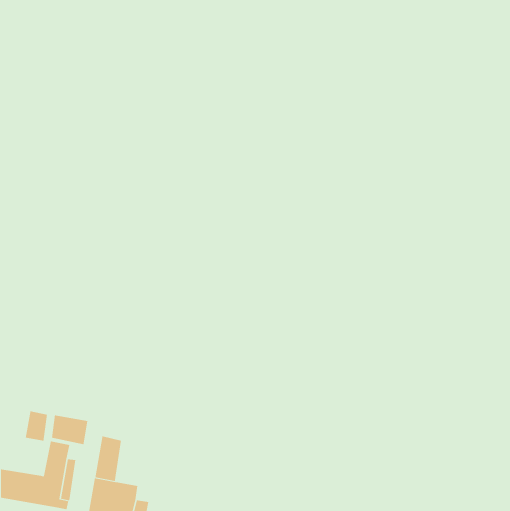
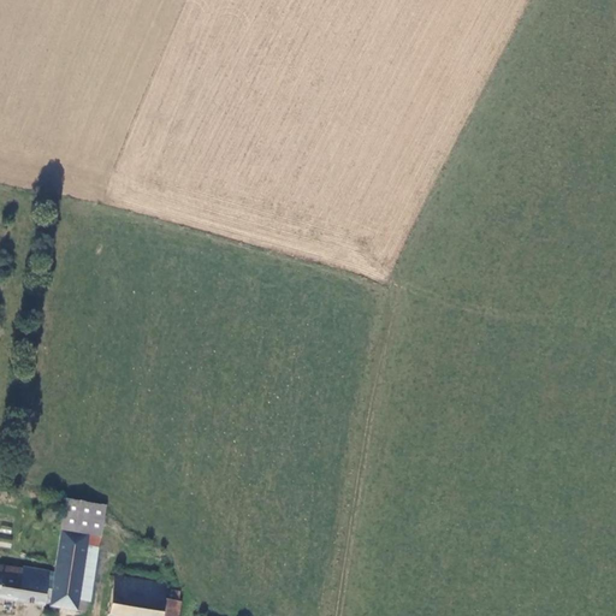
building: [25,410,48,441] -> none
building: [95,436,121,482] -> none

